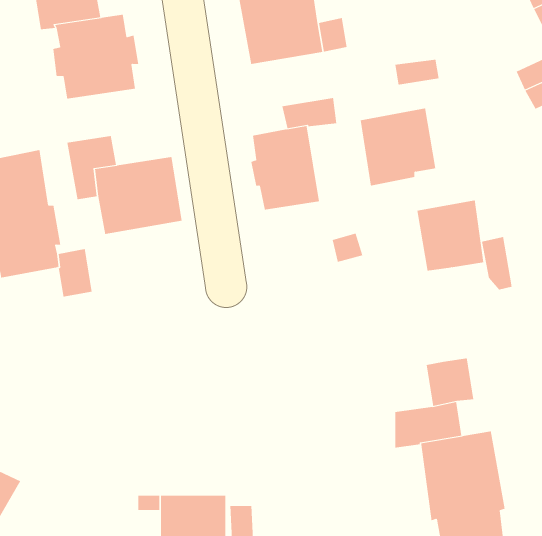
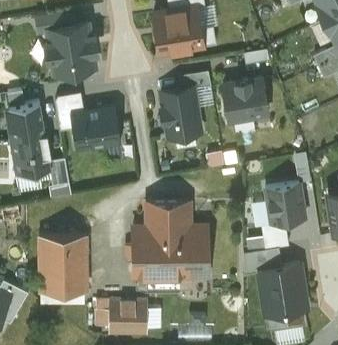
building: [416,200,484,271] -> [265,183,304,224]
building: none -> [132,203,207,291]
building: none -> [39,235,86,292]

